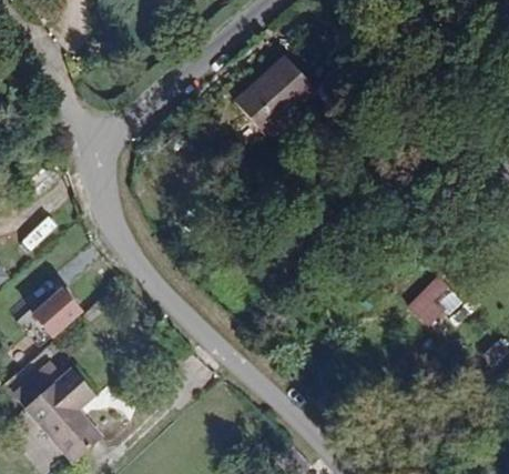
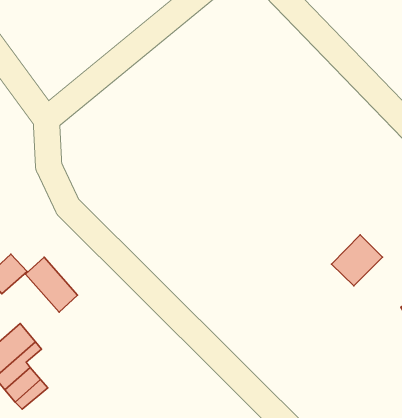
building: [232,56,313,134] -> none
building: none -> [26,257,78,312]

